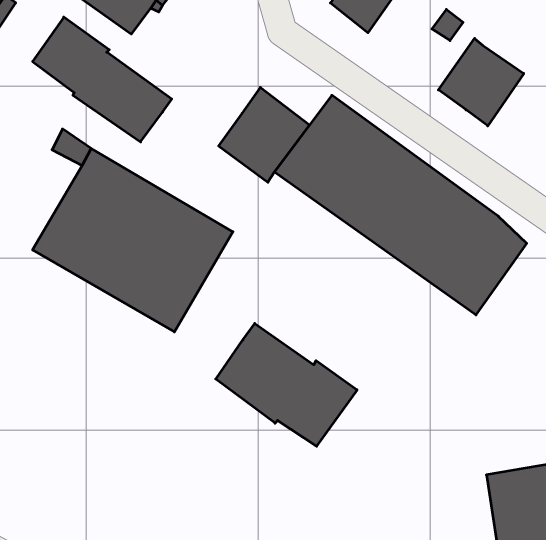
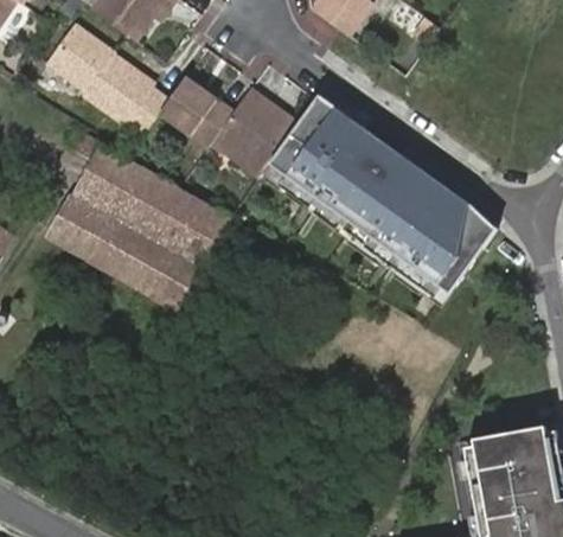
building: [438,38,524,126] -> none
building: none -> [165,78,237,147]
building: [216,323,357,446] -> none

